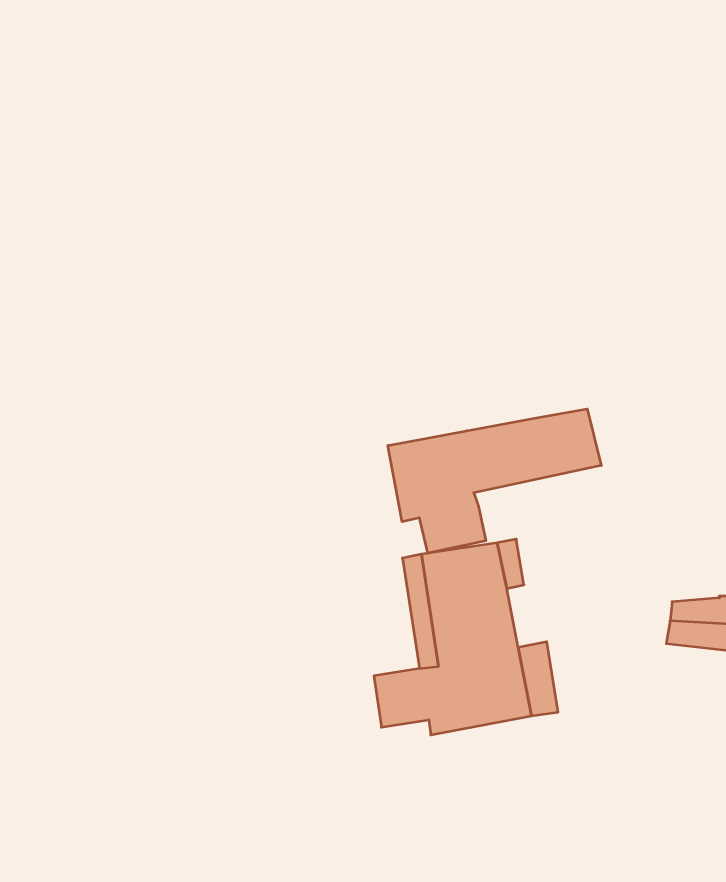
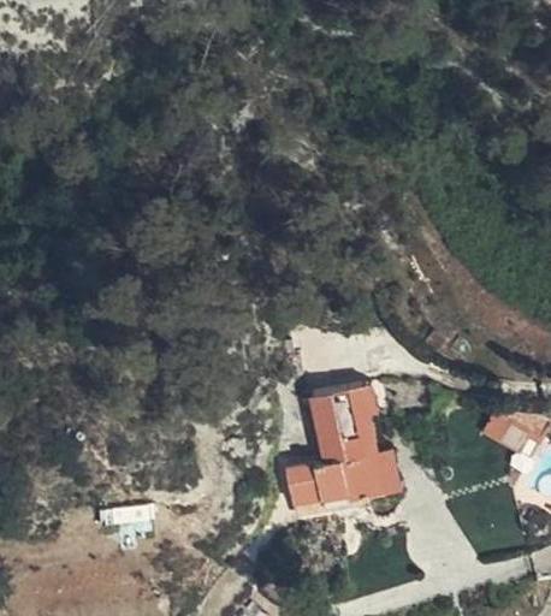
building: [388,409,601,553] -> none

